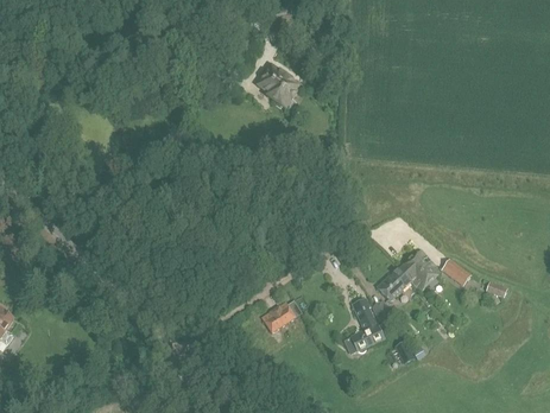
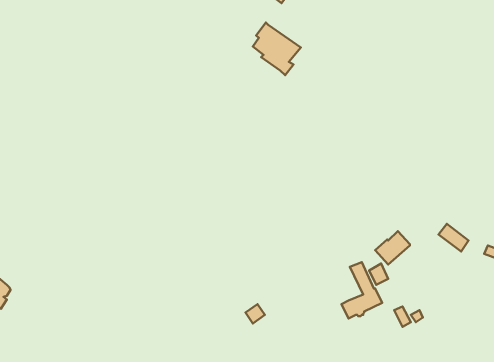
building: [399,248,440,287] -> none
building: [261,299,295,330] -> none

